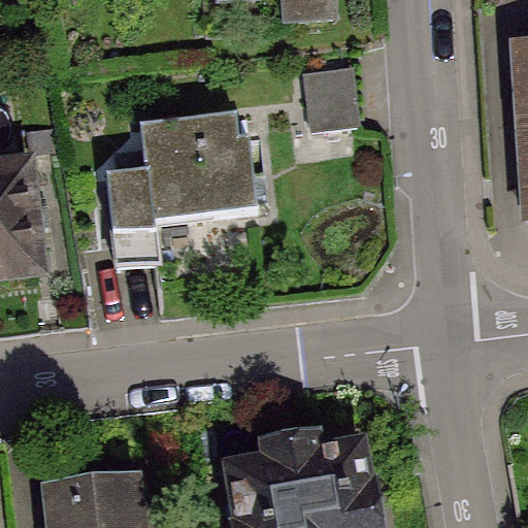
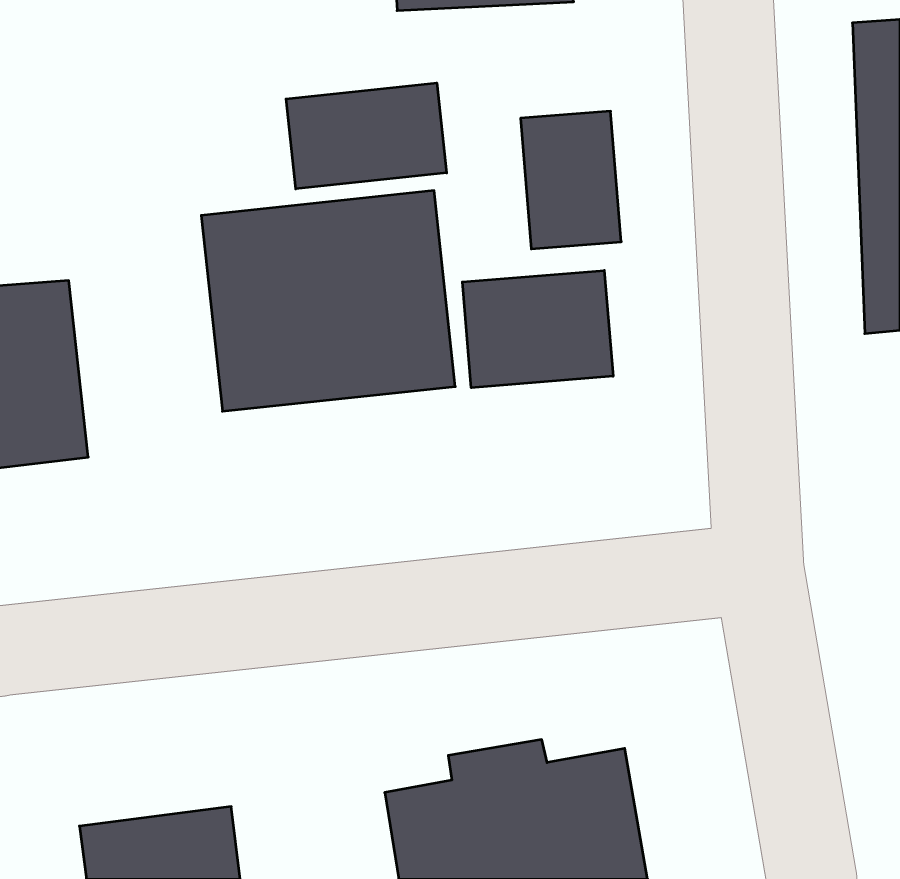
building: none -> [286,83,447,189]
building: none -> [462,270,613,388]

